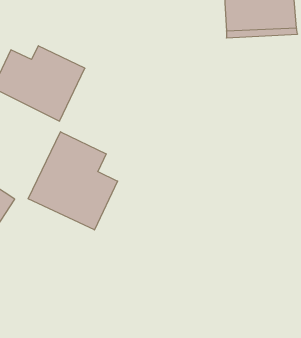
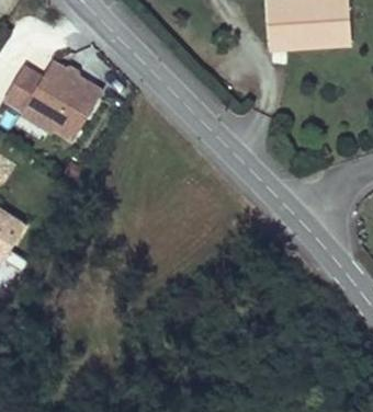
building: [28,132,118,230] -> none

